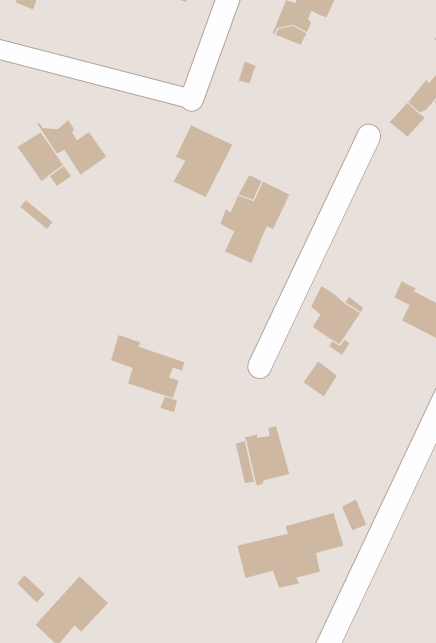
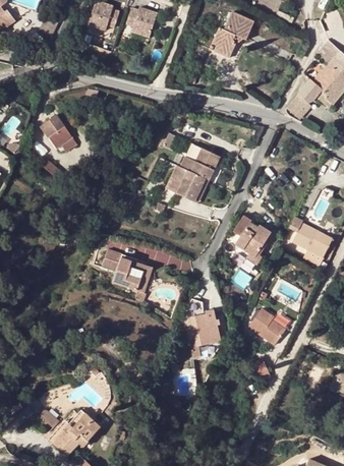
building: [36,119,107,176] -> none
building: [173,124,233,198] -> none
building: none -> [249,308,286,345]
building: [237,512,344,589] -> none

